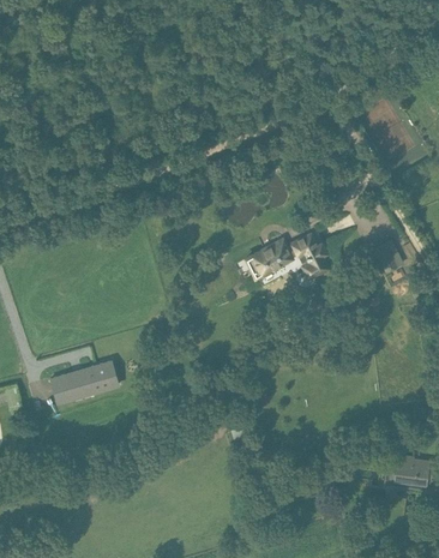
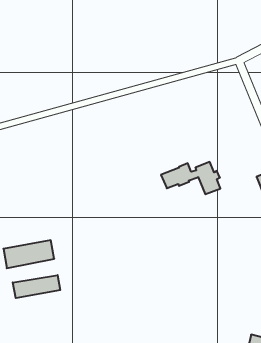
building: none -> [13,275,60,298]

